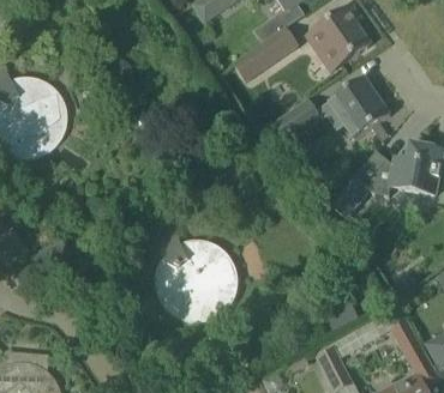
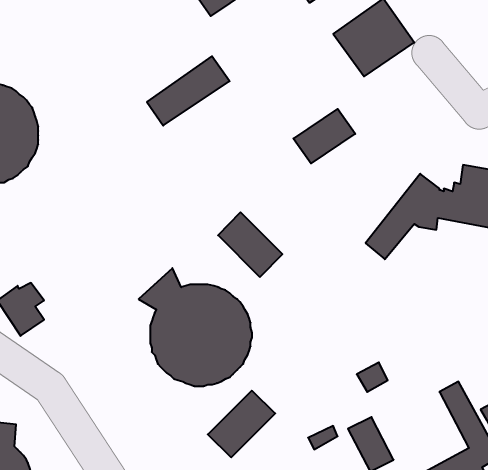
building: [233,24,300,80] -> [147,56,230,126]
building: [328,77,390,139] -> none
building: none -> [218,212,282,277]
building: none -> [208,391,275,457]

